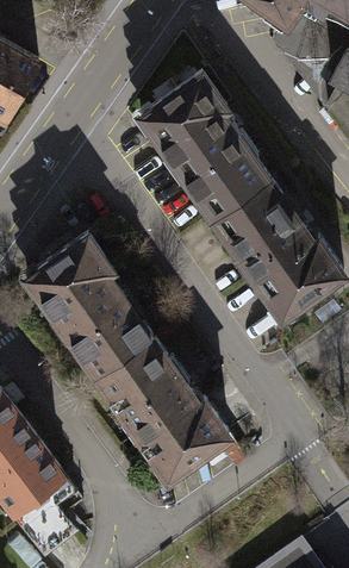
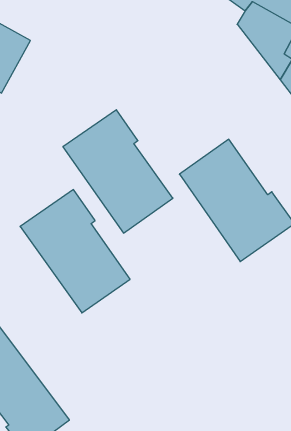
building: [141,74,268,217] -> [63,110,173,233]
building: [98,338,230,478] -> none

